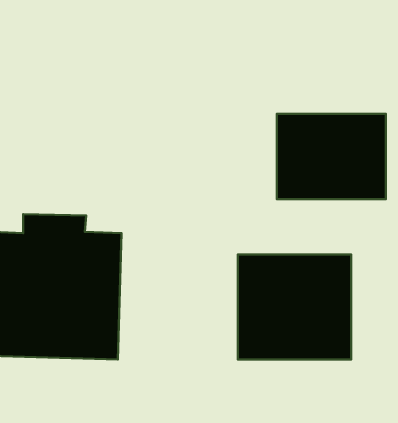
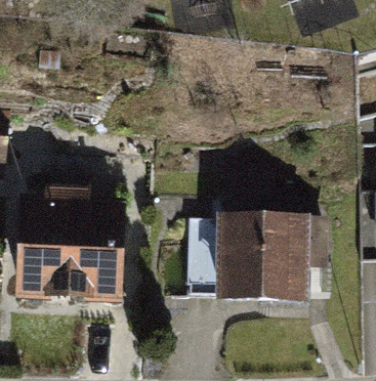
building: [277,114,386,199] -> none

